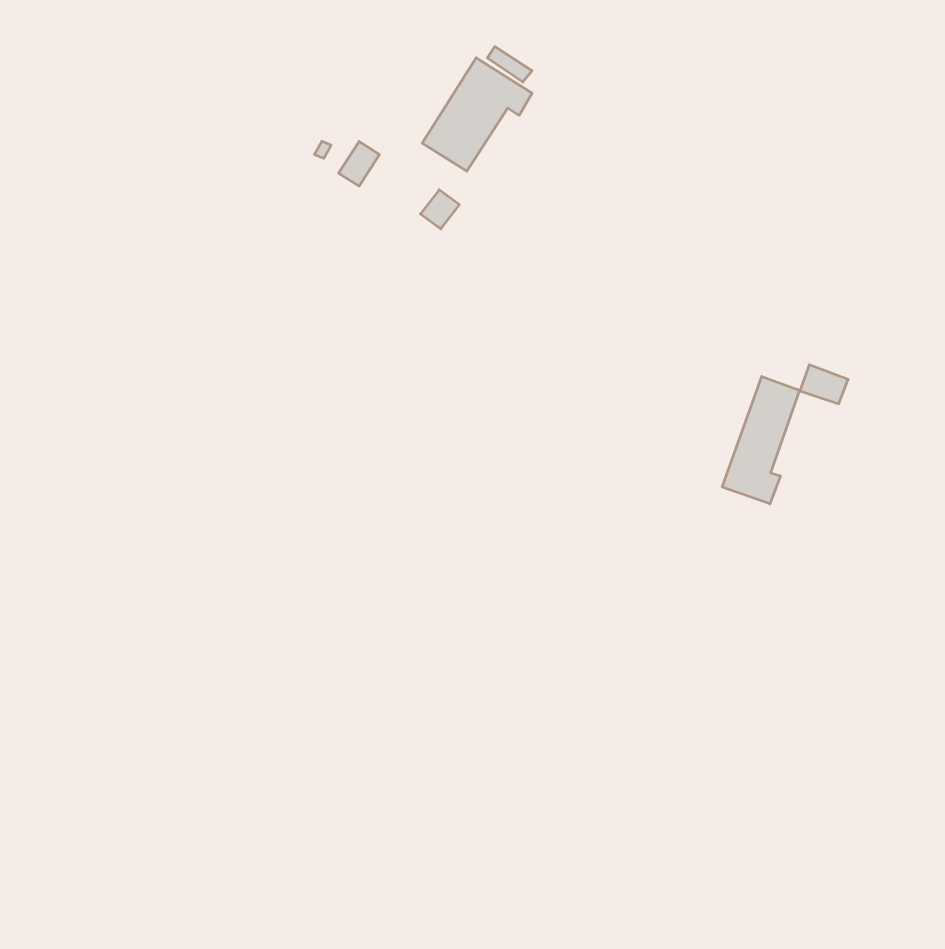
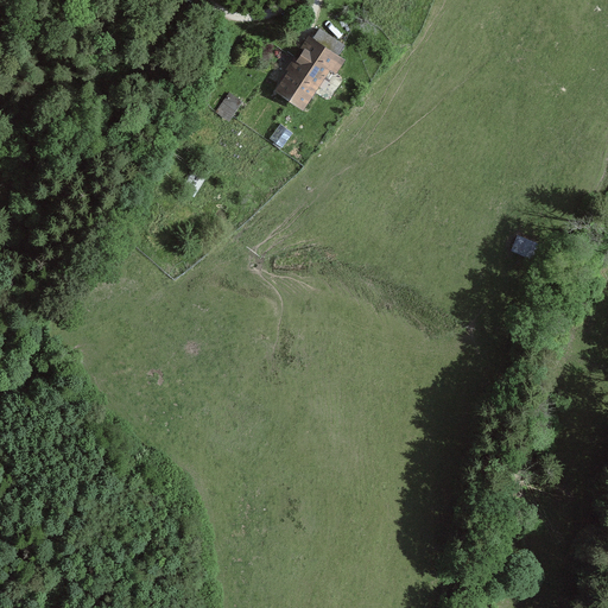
building: [722,376,799,504] -> none

